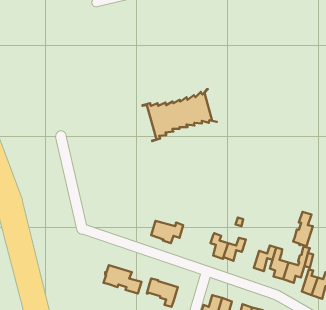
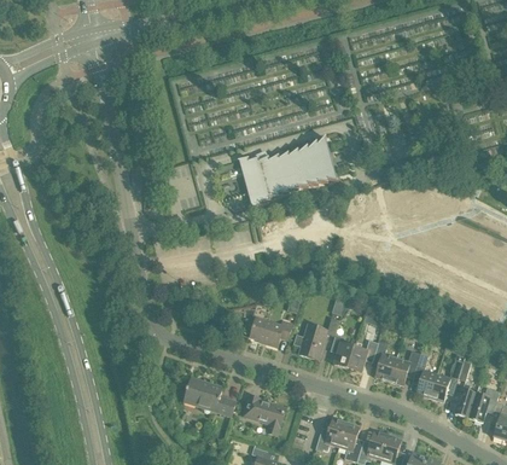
building: [293,212,313,246] -> none
building: none -> [293,318,338,359]
building: none -> [373,341,396,380]

